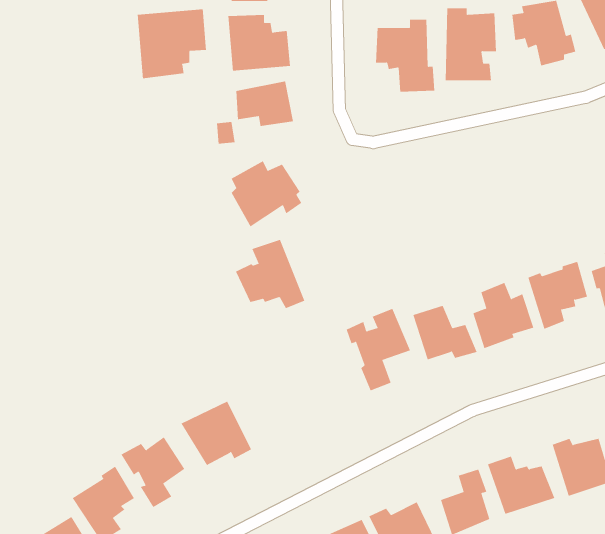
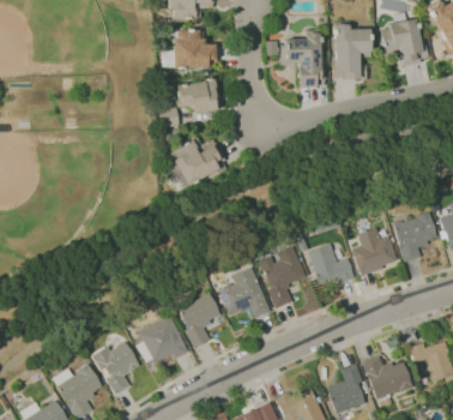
building: [137,9,207,79] -> none
building: [235,239,305,309] -> [218,265,270,317]
building: none -> [177,293,219,347]

